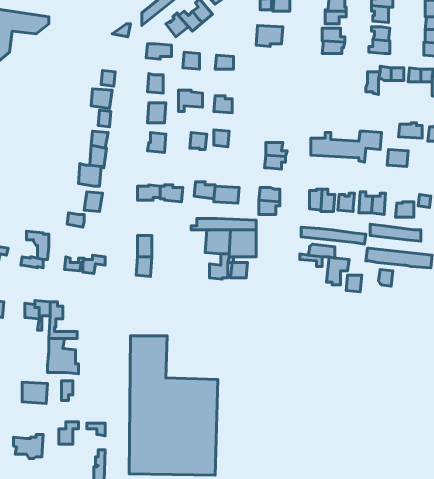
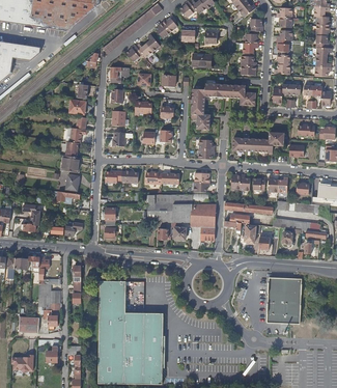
building: none -> [189,81,255,129]
building: none -> [191,203,216,240]
building: none -> [266,277,302,323]

